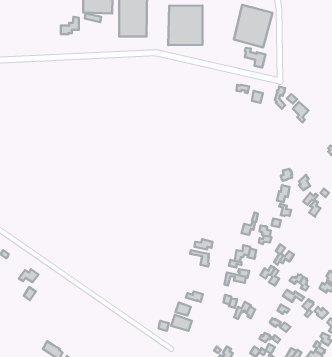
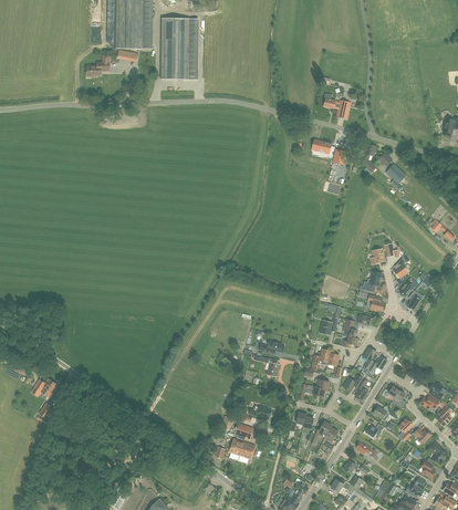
building: [234,5,272,47] -> none
building: [168,5,202,45] -> none

